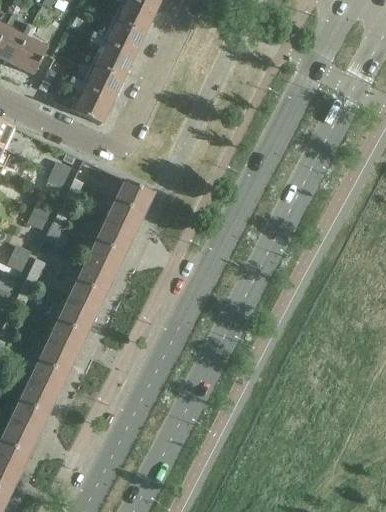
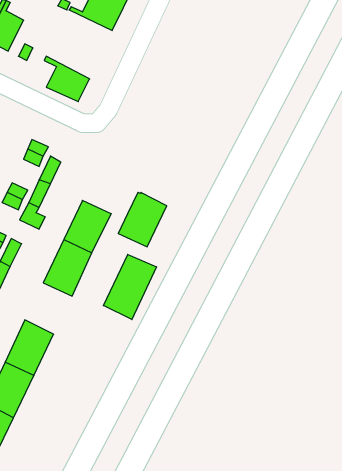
building: [70,35,134,102] -> none
building: [105,180,152,233] -> [118,192,167,247]
building: none -> [103,254,156,320]
building: [49,300,95,350] -> none

